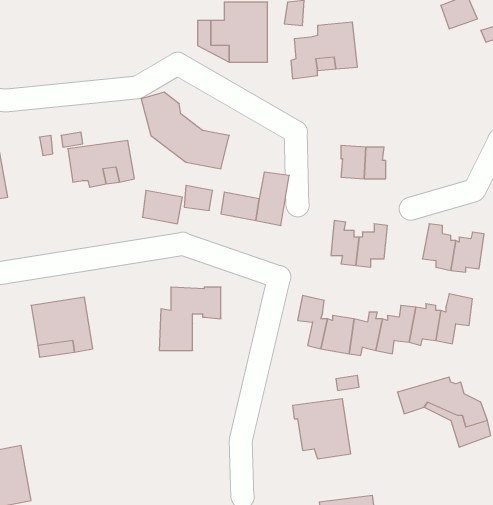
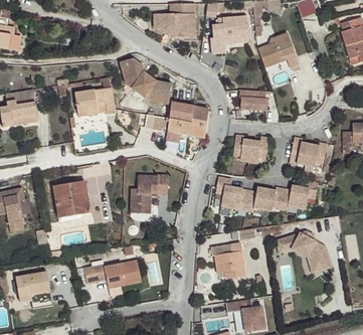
building: none -> [257,32,294,67]
building: [142,190,182,224] -> [169,102,193,122]
building: none -> [82,260,141,288]

